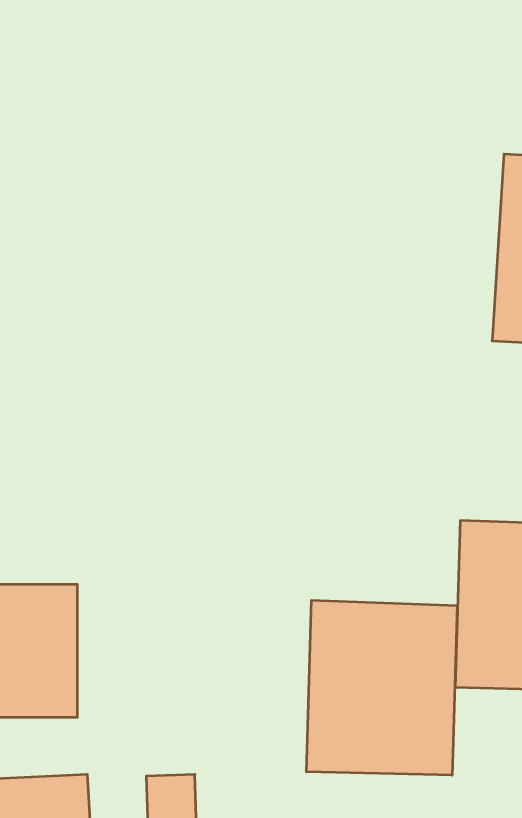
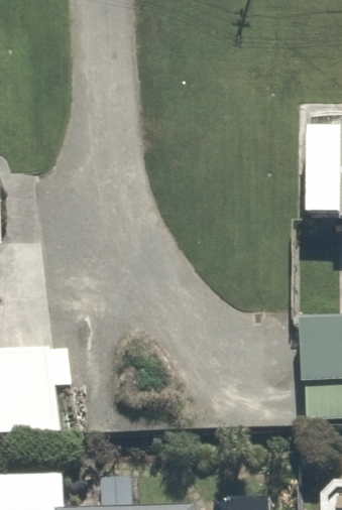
building: [306,600,457,775] -> none

